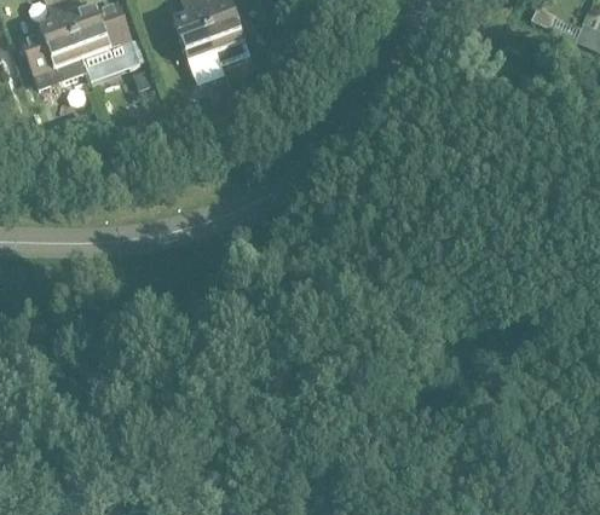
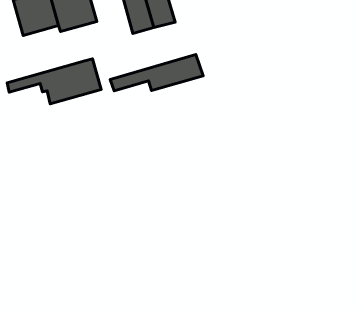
building: none -> [110,55,203,91]
building: none -> [7,59,101,104]

